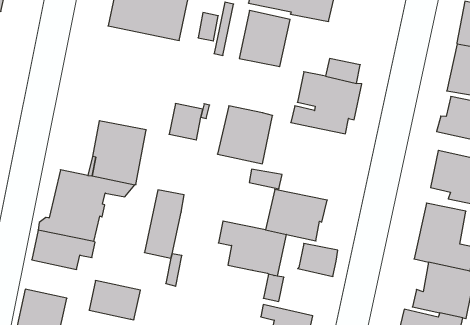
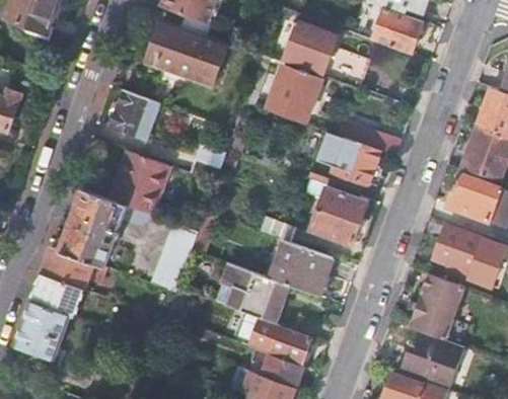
building: none -> [110,90,158,139]
building: [217,106,273,164] -> [309,185,367,245]
building: [298,243,338,276] -> [271,325,311,361]
building: [89,281,140,320] -> [31,274,83,317]

